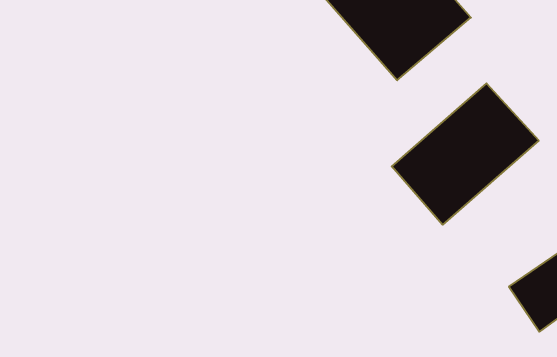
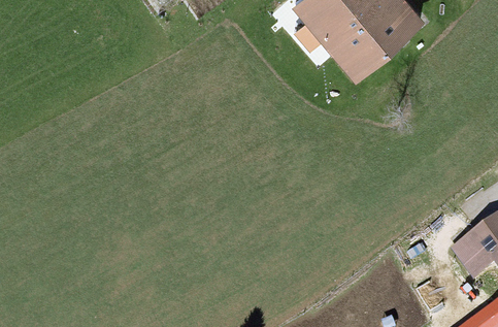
building: [392,83,539,225] -> none

